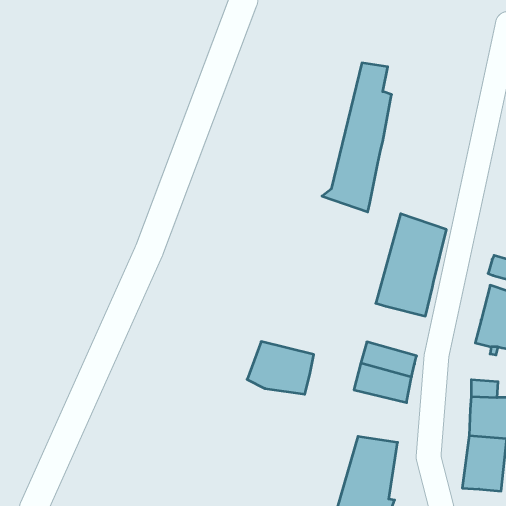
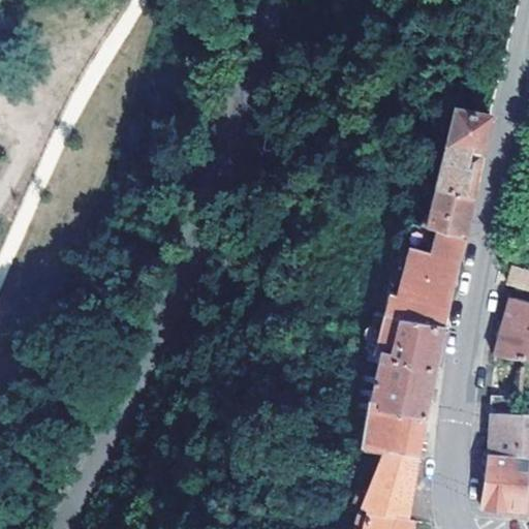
building: [322,63,392,212] -> [418,86,491,241]
building: none -> [383,317,444,372]
building: [247,342,314,394] -> [355,407,425,462]

